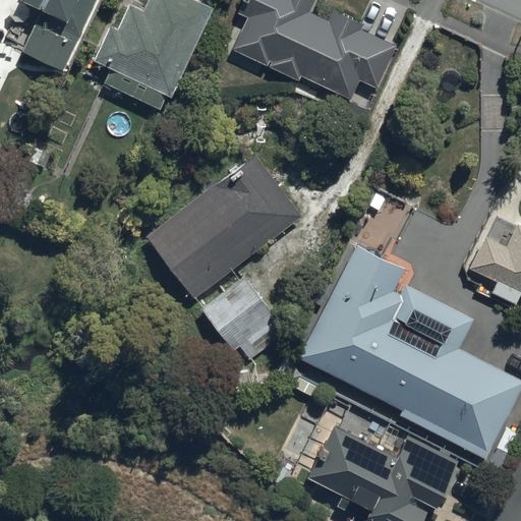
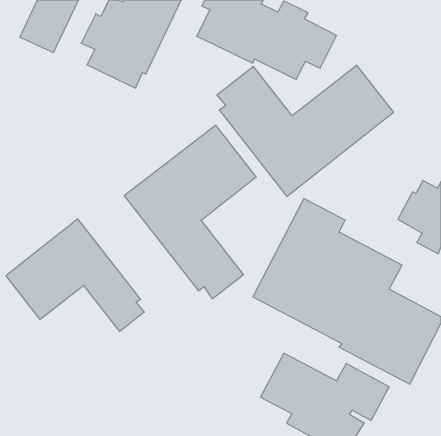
building: none -> [217,65,393,196]
building: none -> [6,219,144,331]

